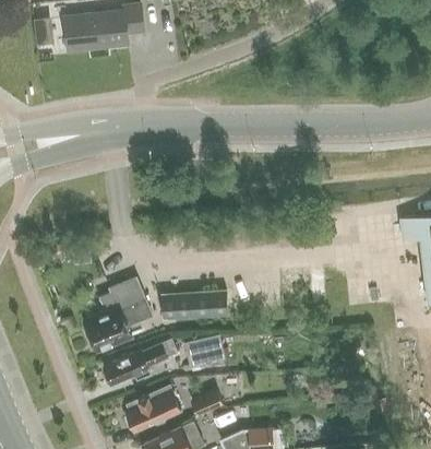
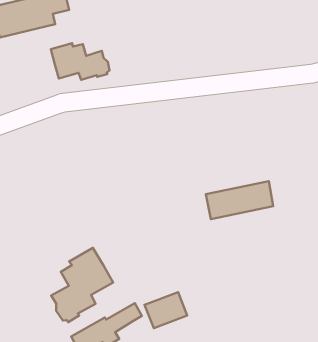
building: none -> [51,43,110,80]
building: [157,287,225,319] -> [206,181,273,219]

